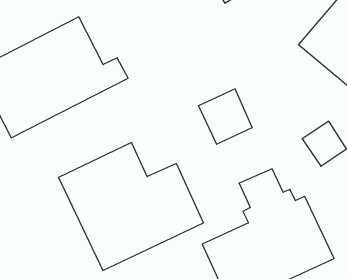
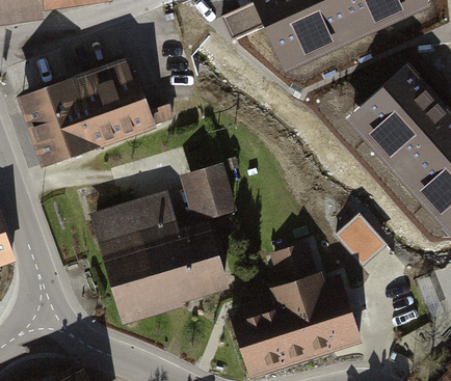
building: [198,89,252,144] -> [183,166,236,221]

